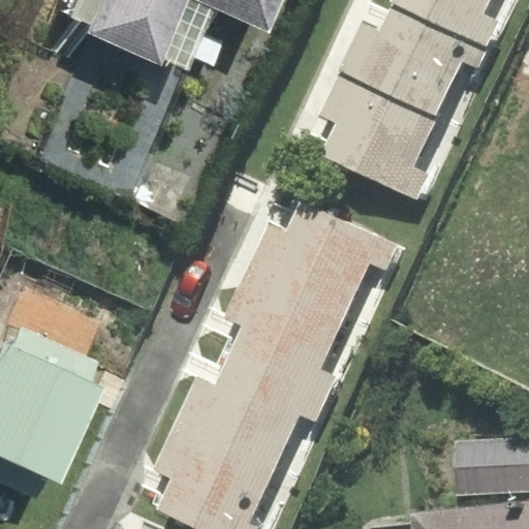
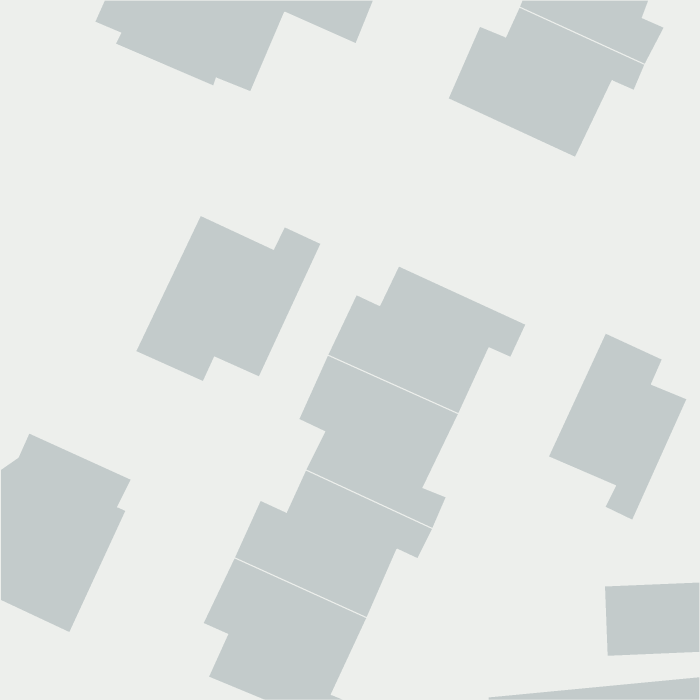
building: [318,74,434,198] -> none
building: none -> [135,215,321,382]
building: none -> [548,333,687,520]

